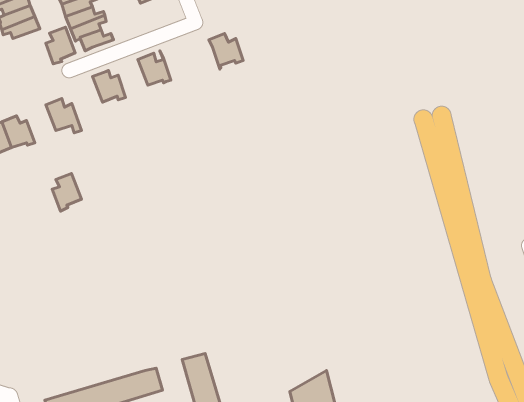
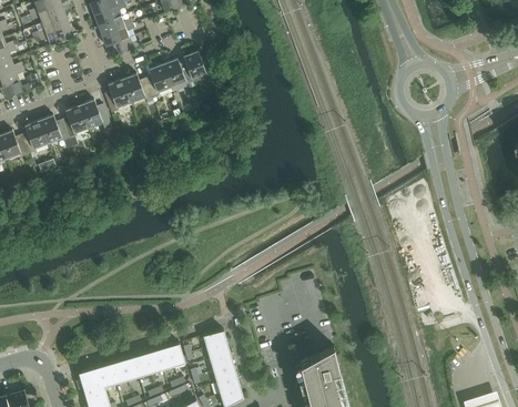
building: [46,27,75,64] -> [103,80,130,113]
building: [209,34,243,69] -> [182,51,213,83]
building: none -> [144,64,171,99]
building: [52,173,81,211] -> [61,105,88,140]

